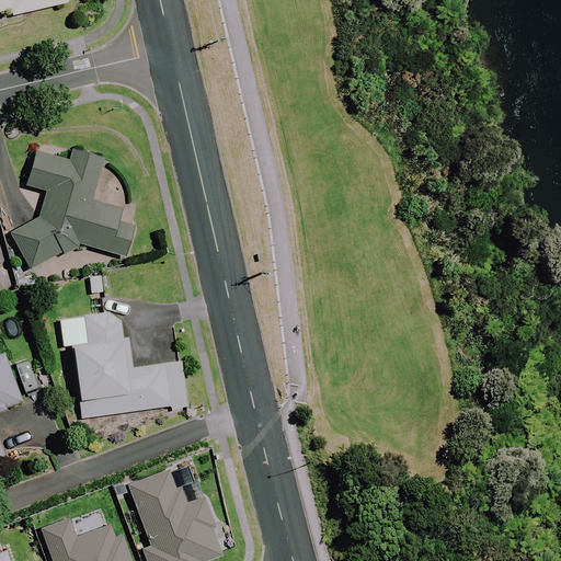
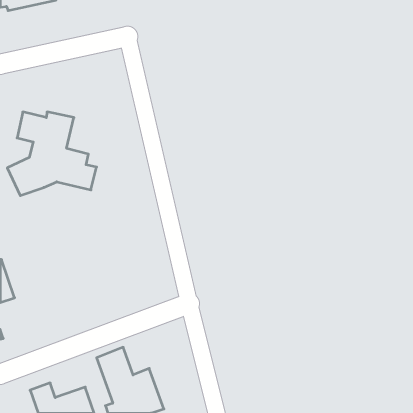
building: [60,313,186,419] -> none

